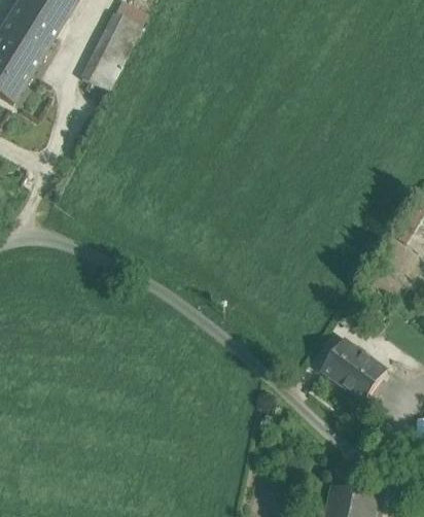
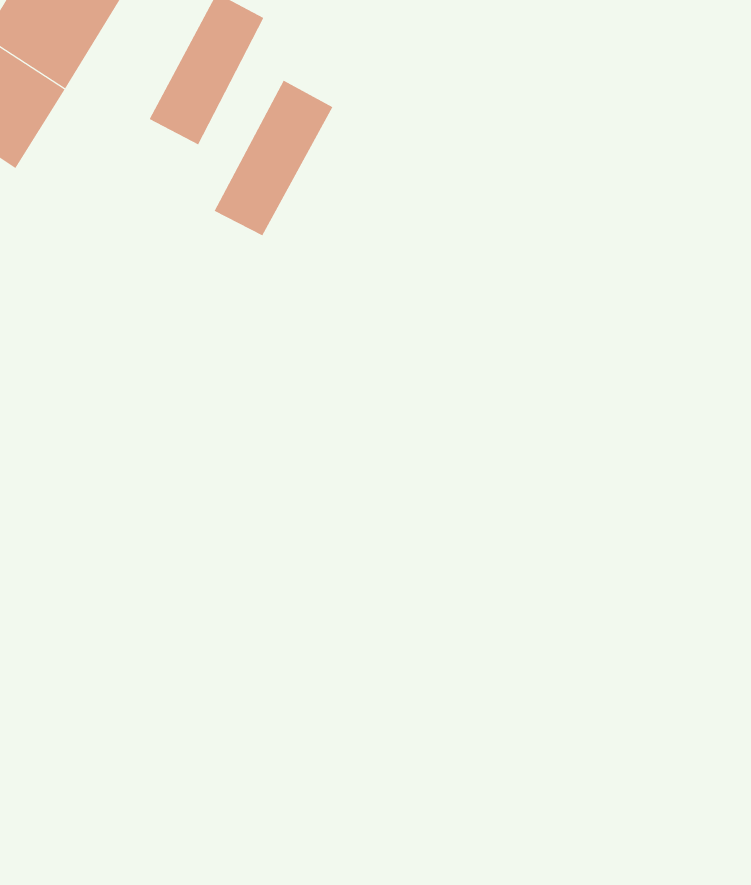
building: none -> [214,80,333,236]
building: [322,338,386,398] -> none

